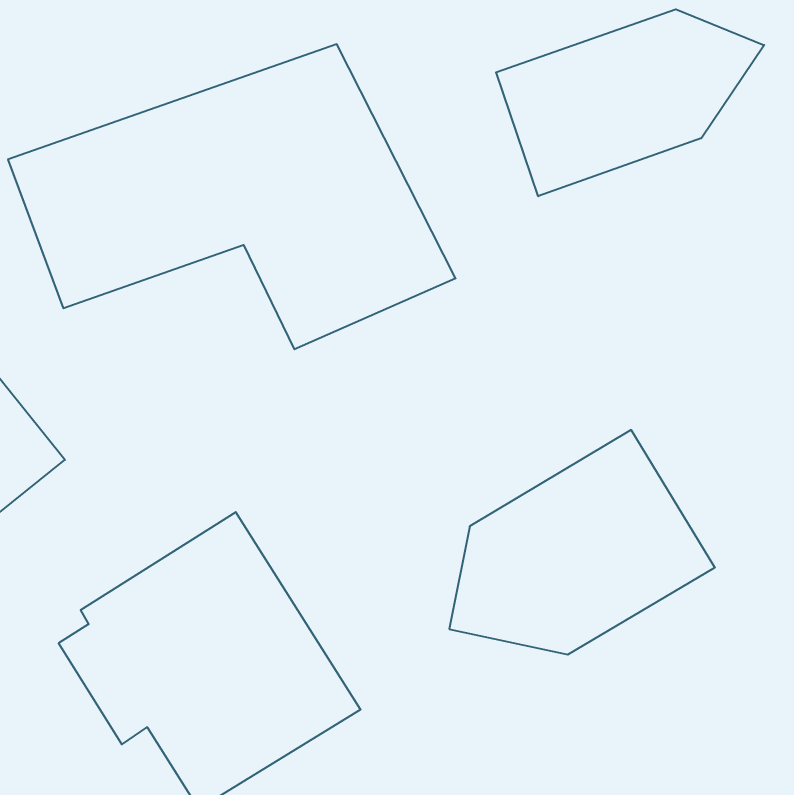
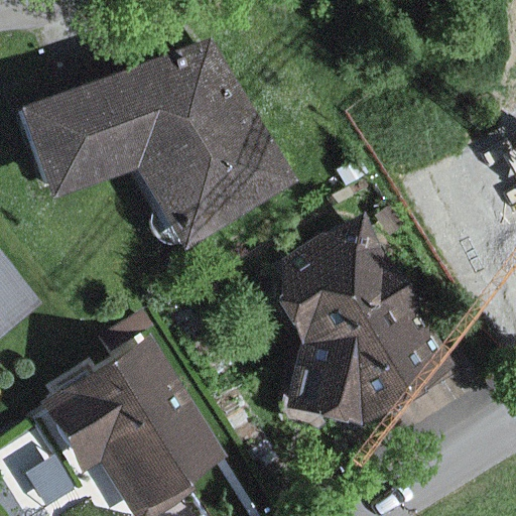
building: [496,9,764,196] -> none
building: none -> [259,215,402,344]

